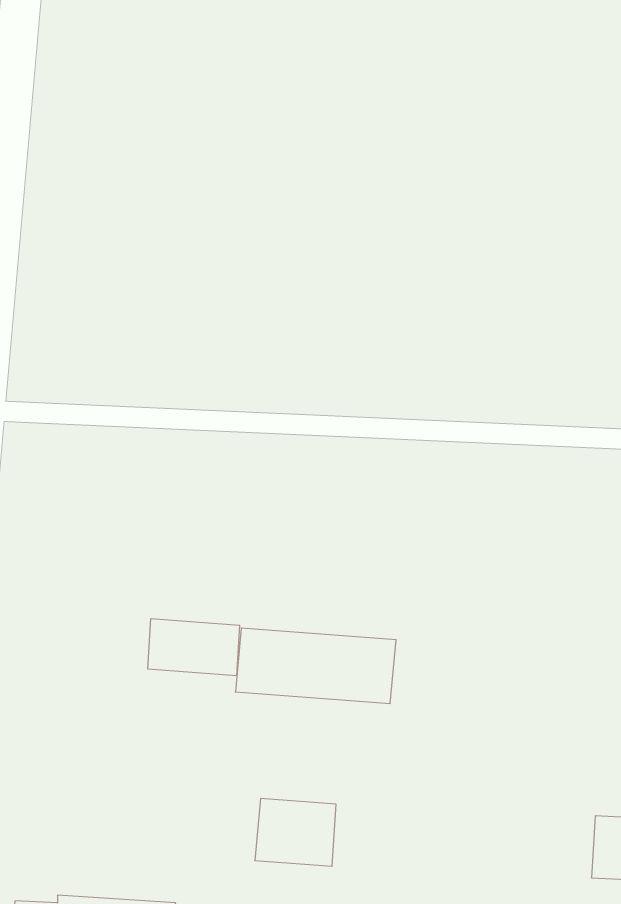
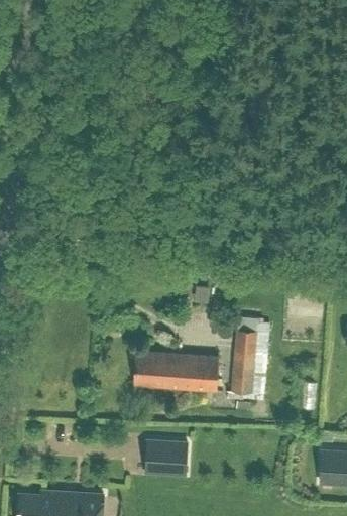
building: none -> [231,324,269,395]
building: [148,619,240,676] -> none

